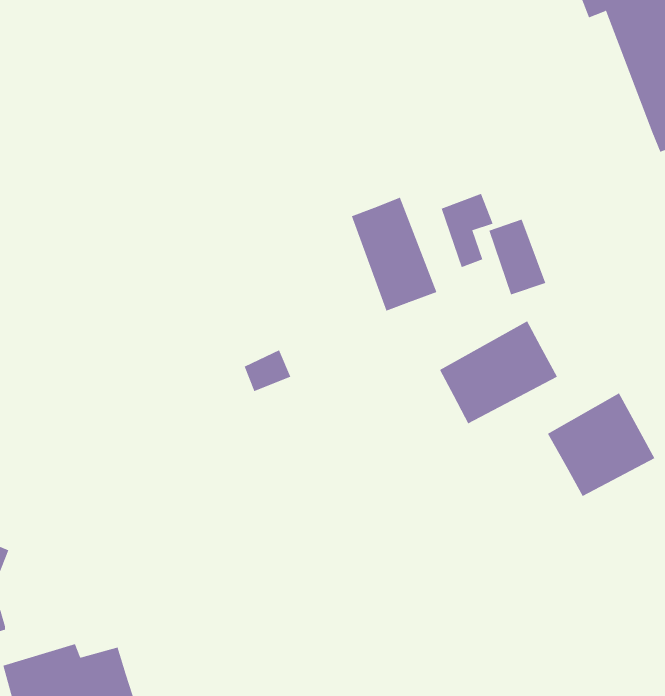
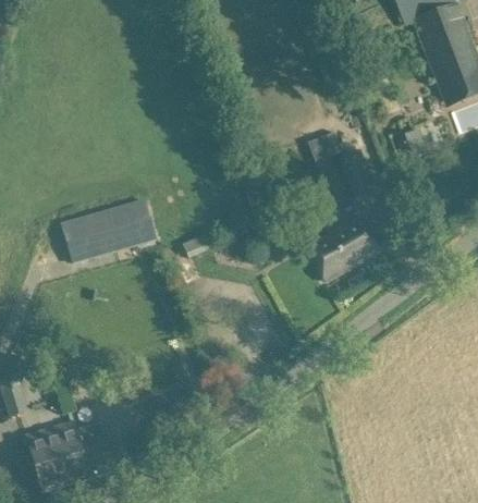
building: [351,197,437,312] -> none
building: none -> [61,197,157,263]
building: [547,392,655,497] -> none

